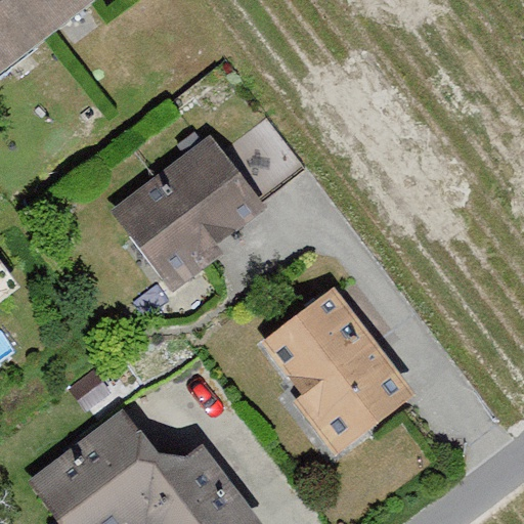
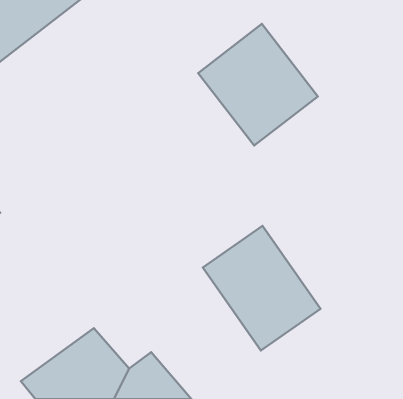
building: none -> [198,24,318,146]
building: [118,139,265,279] -> none

